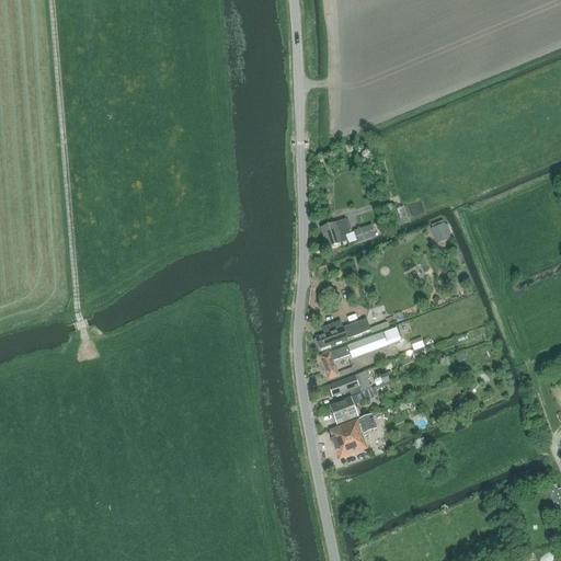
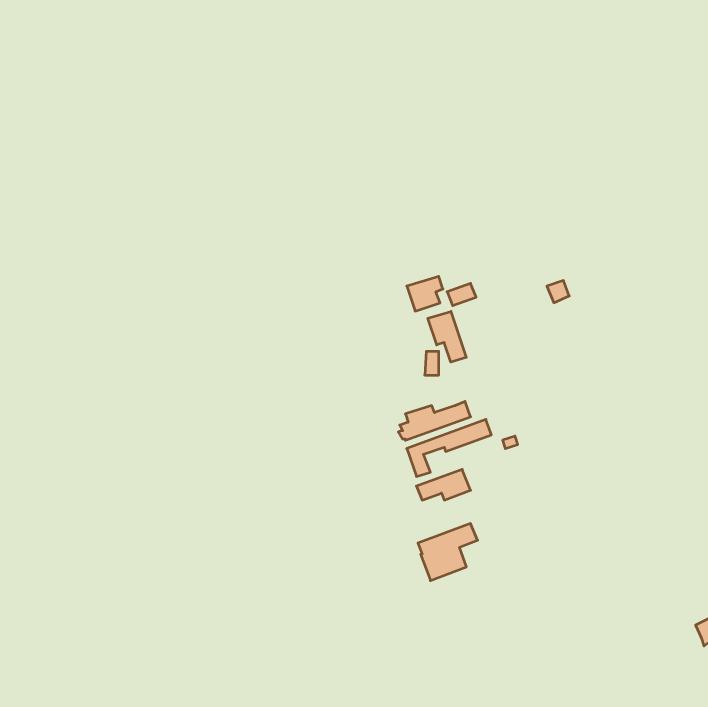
building: none -> [428,311,466,362]
building: [331,386,378,422] -> none

